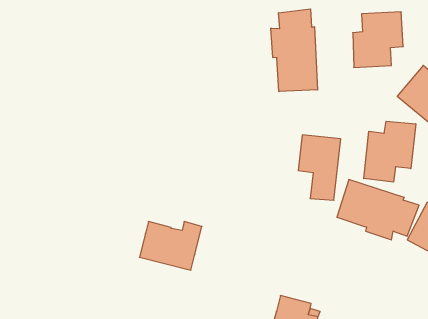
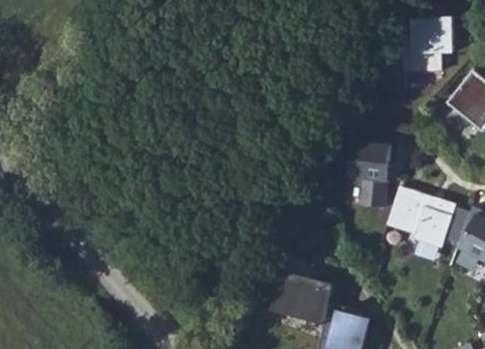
building: [271,9,318,92] -> none
building: [364,121,416,182] -> none
building: [139,222,202,270] -> [272,272,335,321]

